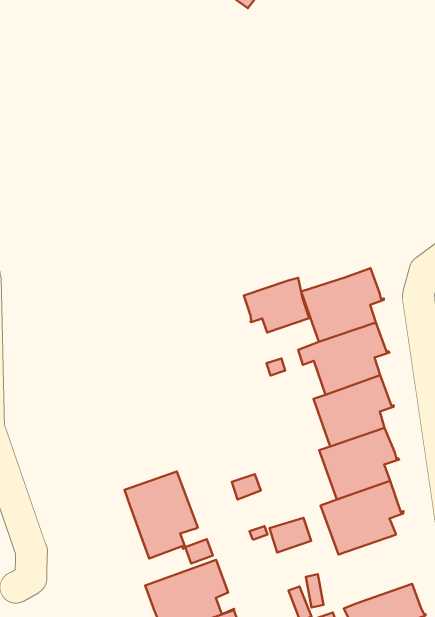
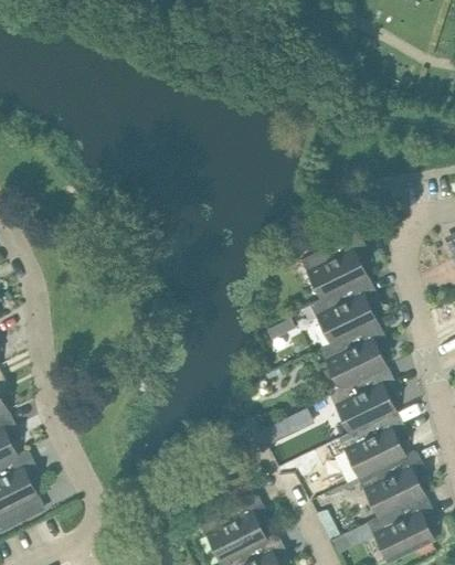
building: [244,278,309,333] -> none
building: [124,471,198,558] -> none
building: none -> [357,450,427,518]

